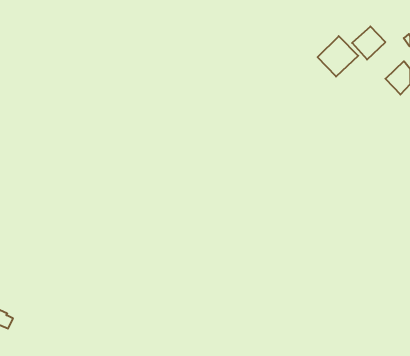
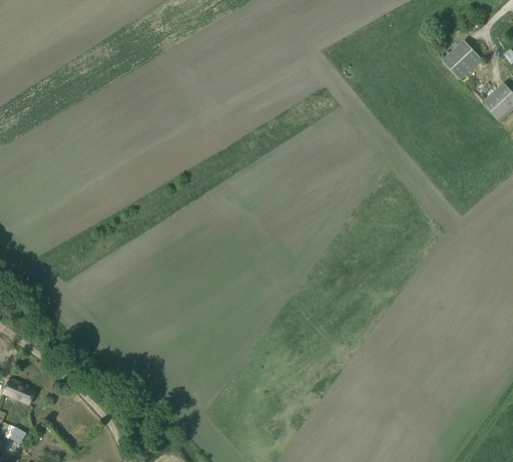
building: [318,36,358,77] -> none

